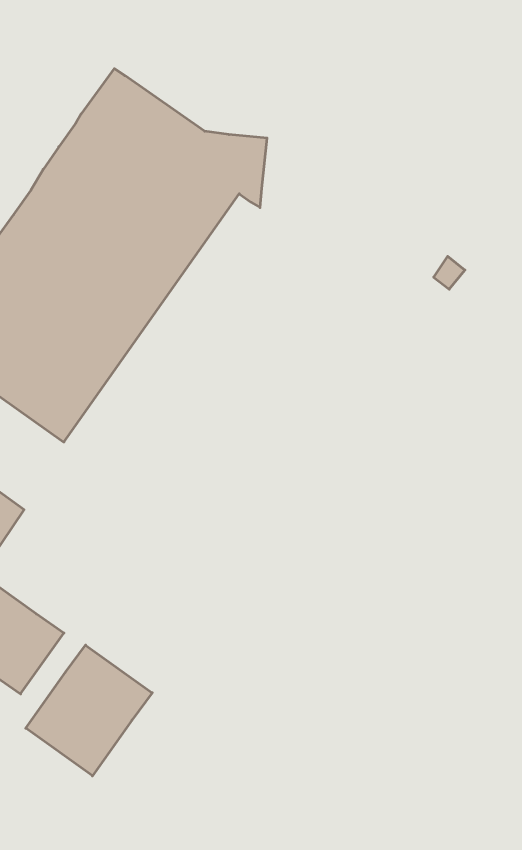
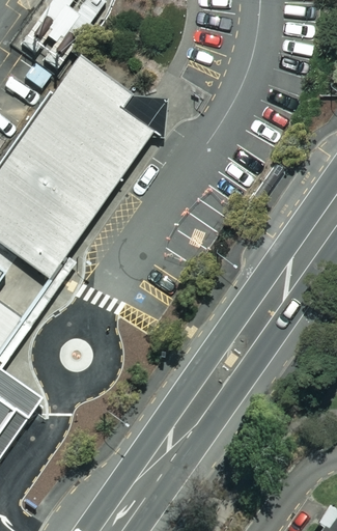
building: [26,645,152,776] -> none

